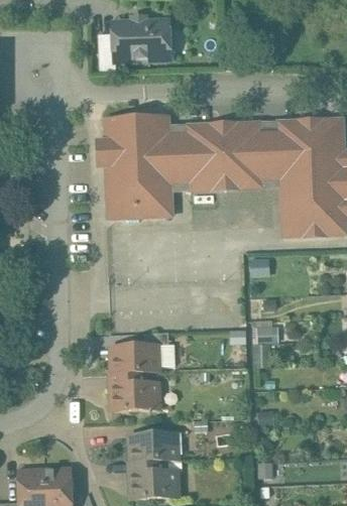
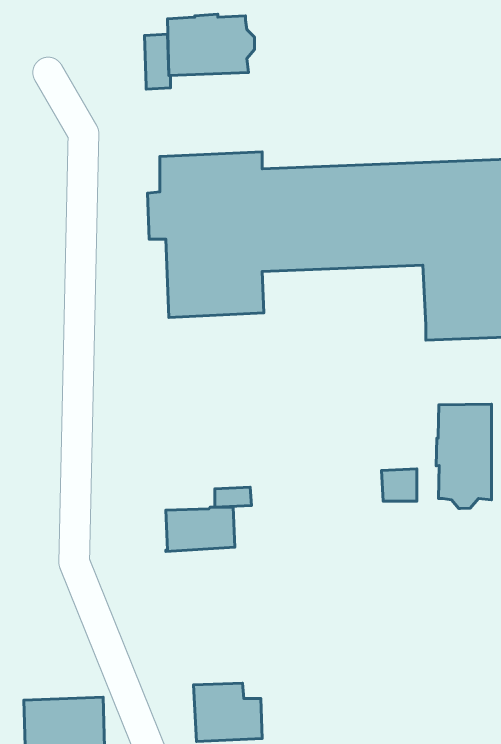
building: none -> [436,404,491,509]
building: [111,373,156,411] -> none
building: [129,433,175,463] -> none

